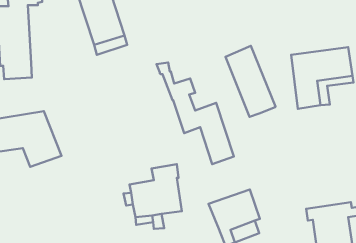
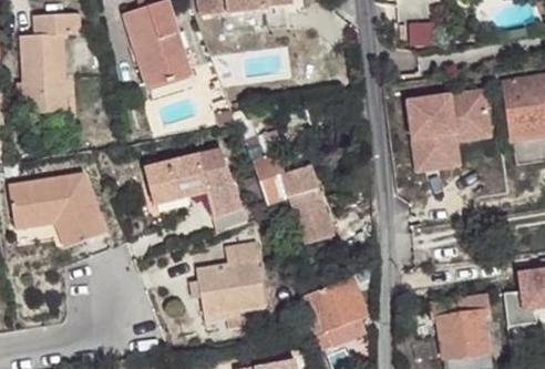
building: [225,46,276,117] -> none
building: none -> [144,148,240,217]

